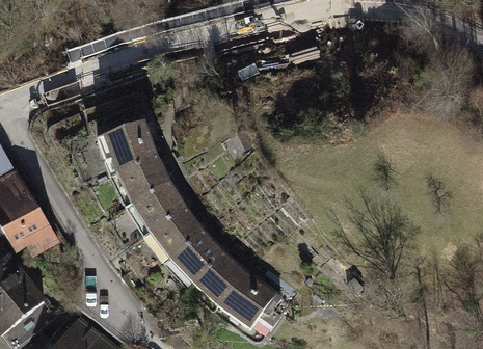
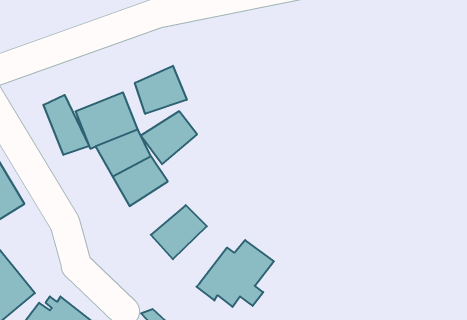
building: none -> [135,66,187,114]
building: none -> [43,95,89,155]
building: [149,206,204,258] -> [141,111,197,164]
building: [191,249,244,305] -> none

